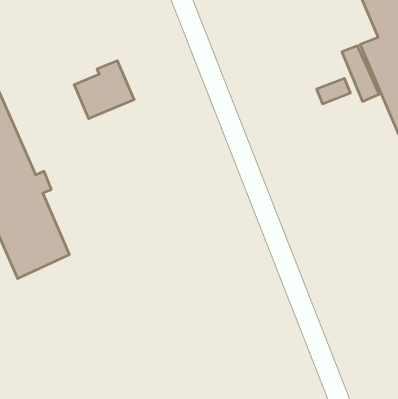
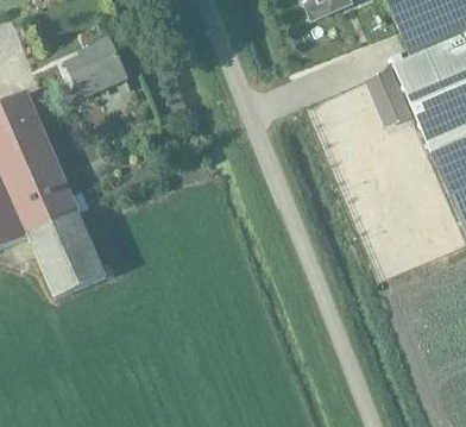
building: [74,61,134,119] -> [67,38,126,95]

